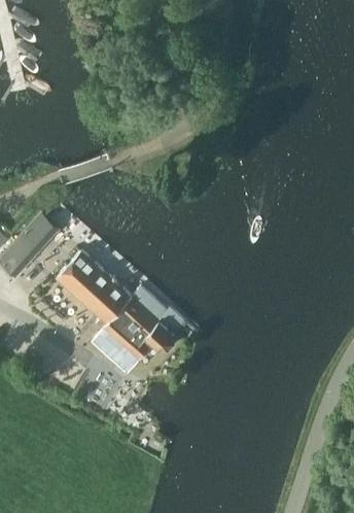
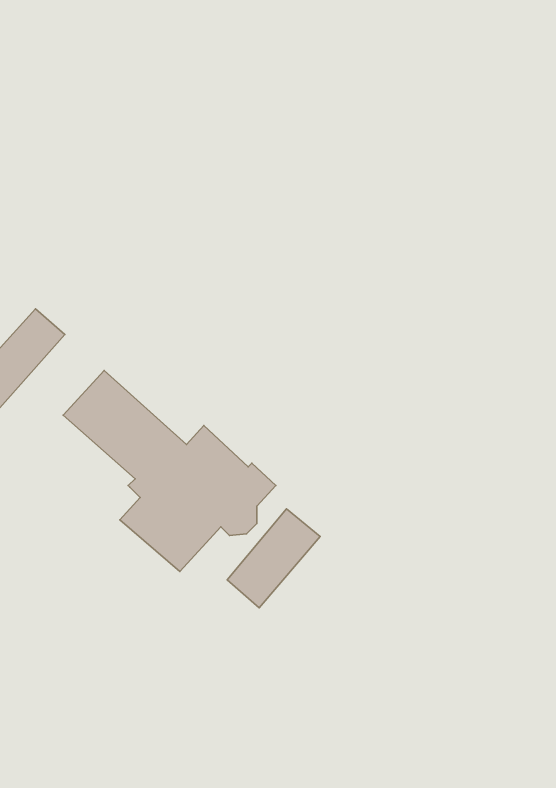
building: none -> [227,509,320,608]

